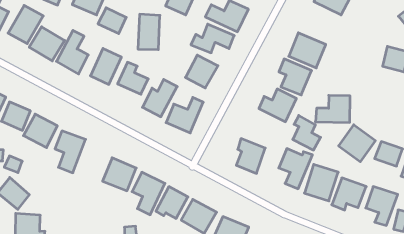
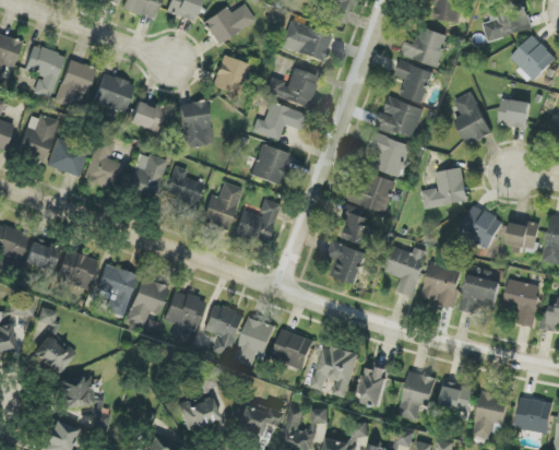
building: none -> [394,60,435,104]
building: none -> [454,92,492,145]
building: [293,115,321,150] -> [342,205,378,247]
building: none -> [127,277,166,325]

